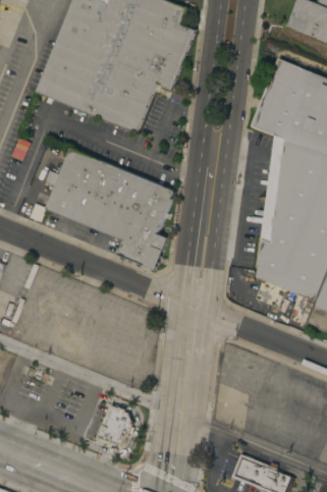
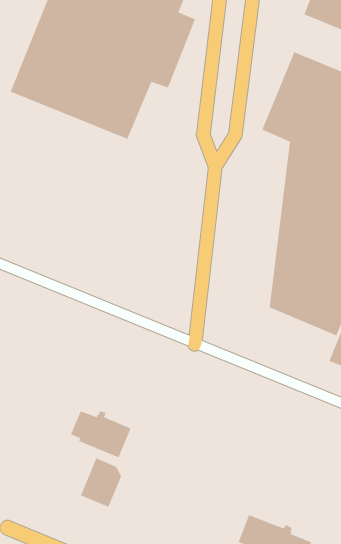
building: [46,146,175,269] -> none
building: none -> [70,410,131,458]

